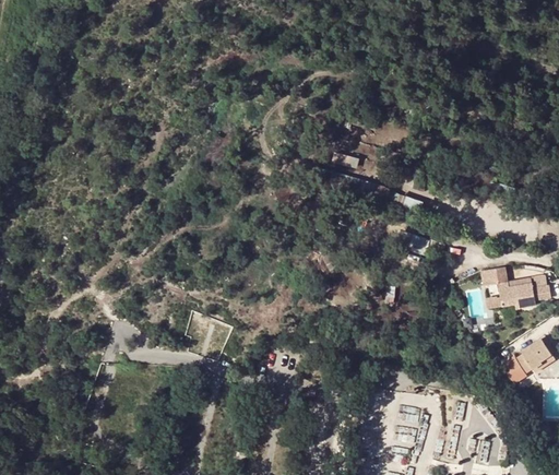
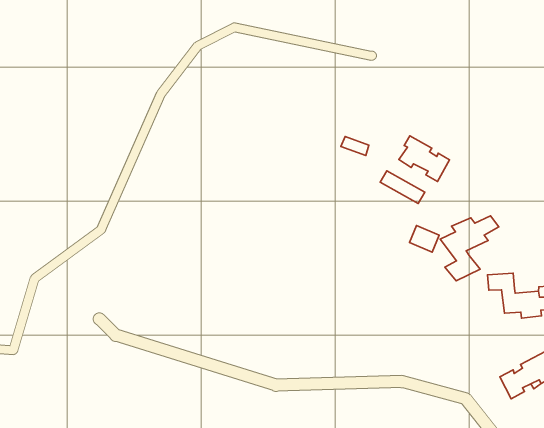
building: none -> [399,136,450,182]
building: none -> [440,216,499,281]

